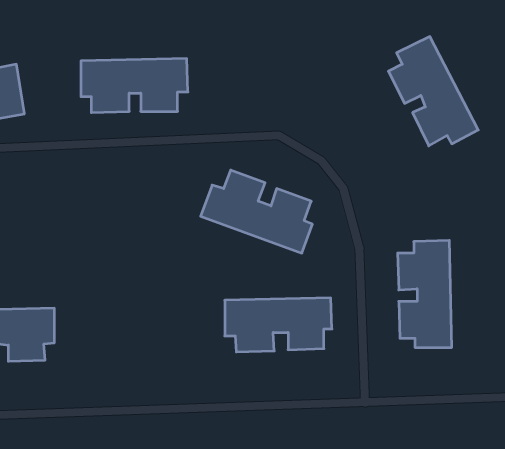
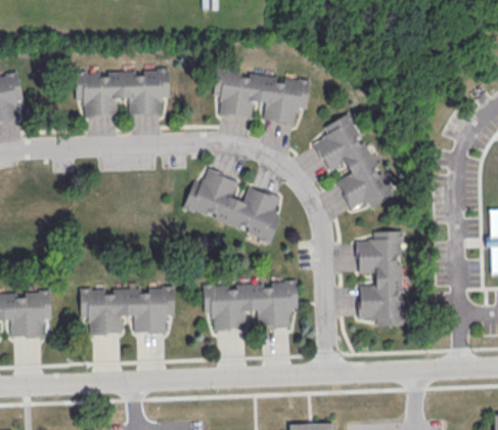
building: [388,37,478,146] -> [315,112,395,209]
building: none -> [214,67,311,124]
building: none -> [80,286,176,334]

